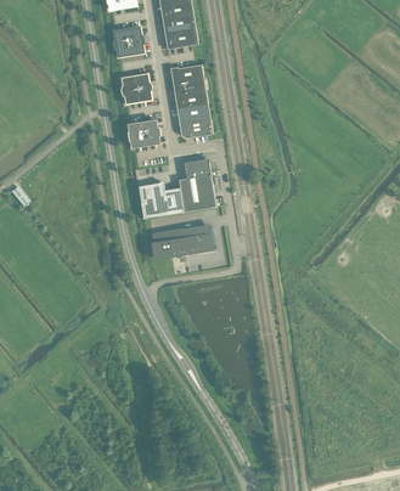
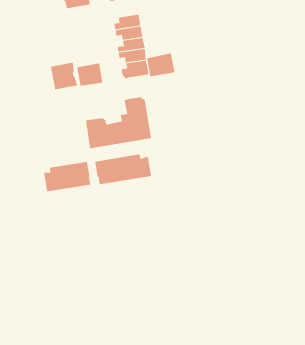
building: [120,72,152,103] -> [50,62,78,90]
building: none -> [146,52,175,77]
building: none -> [43,161,91,192]

